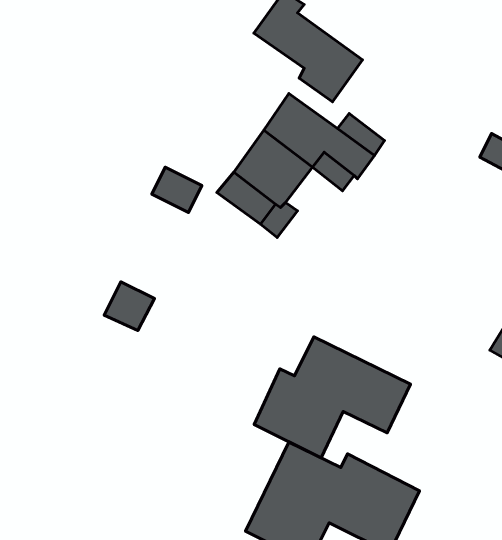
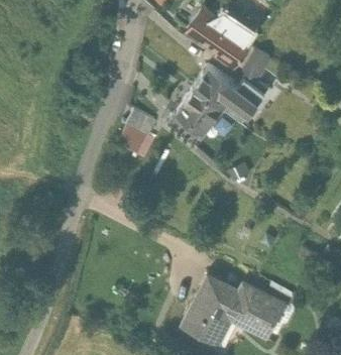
building: none -> [242,46,272,80]
building: [104,282,154,330] -> [118,125,148,154]
building: [254,337,410,458] -> none

